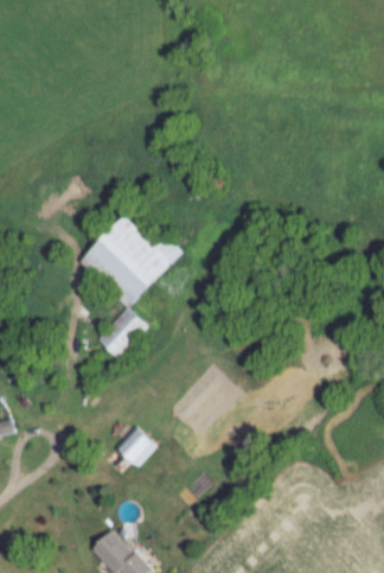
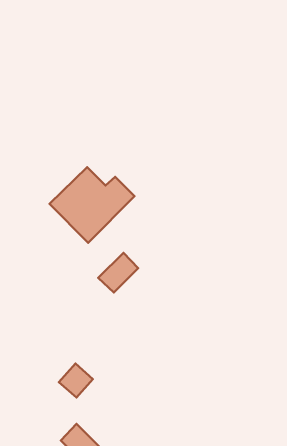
building: [96,308,145,357] -> [98,253,138,292]
building: [115,427,156,469] -> [59,364,93,398]

